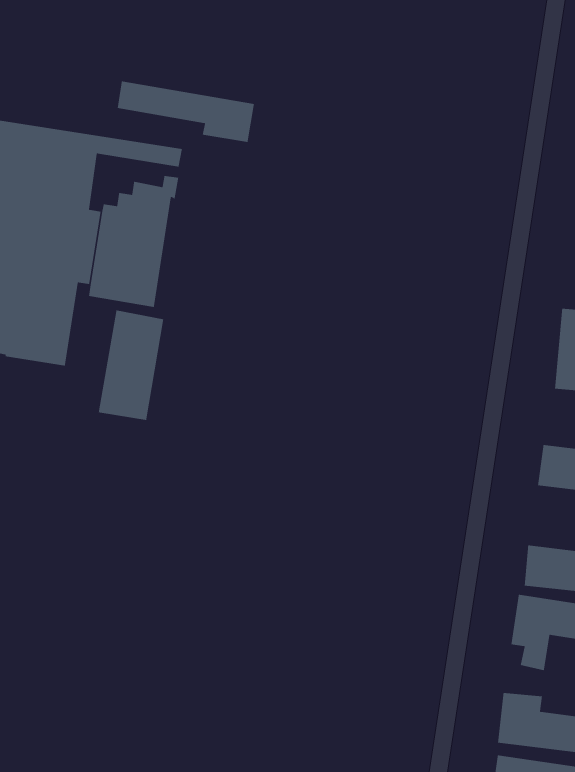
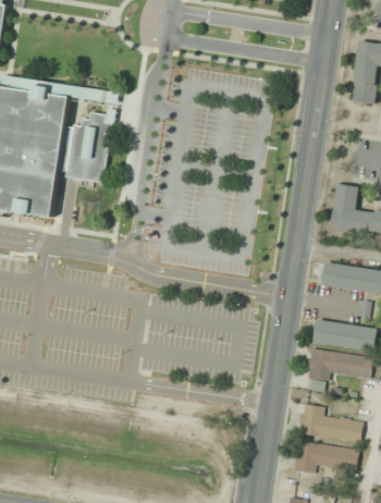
building: [117,81,255,143] -> none
building: [98,309,164,421] -> none

